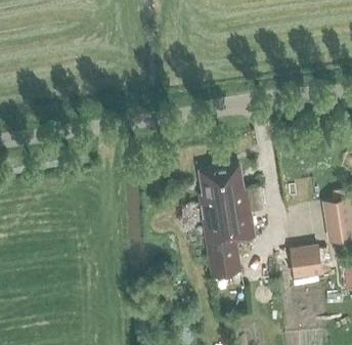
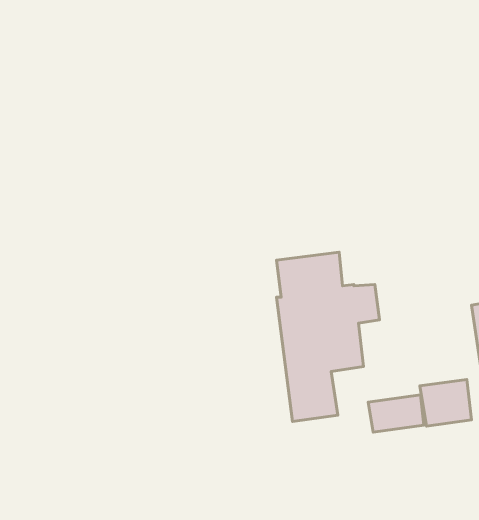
building: none -> [368,395,424,432]

